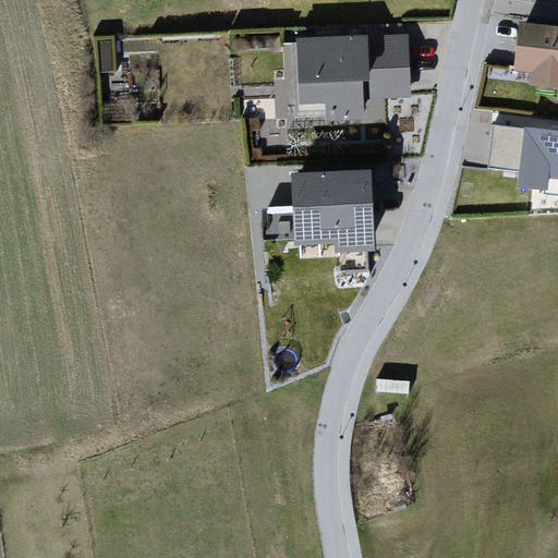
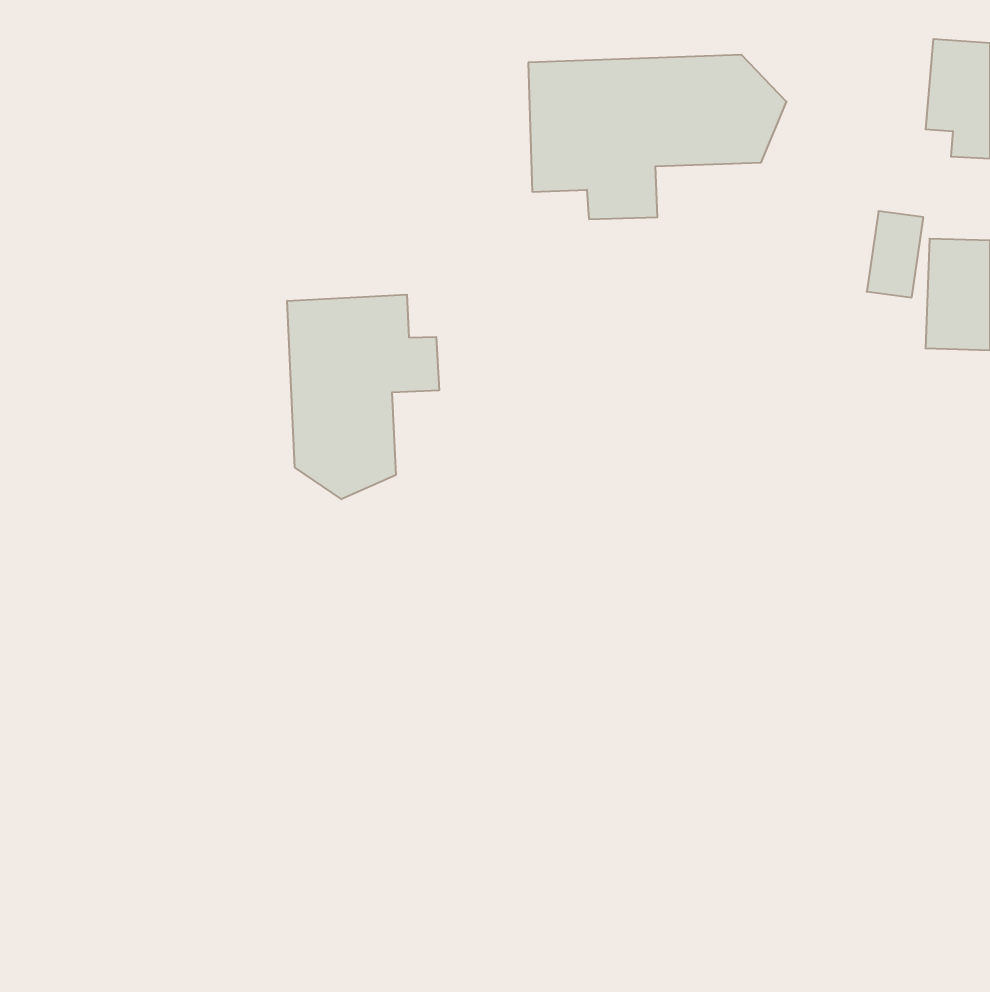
building: none -> [287,295,439,499]
building: [290,170,376,255] -> none

